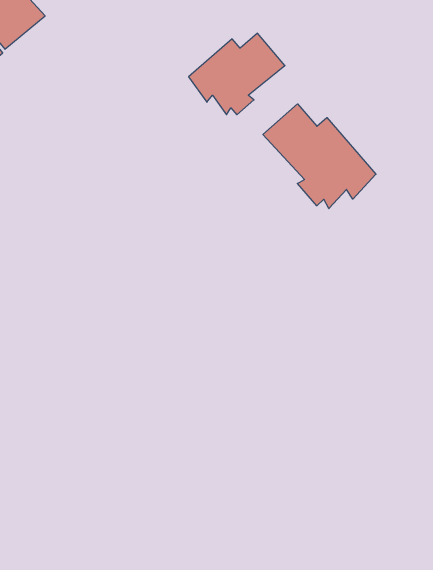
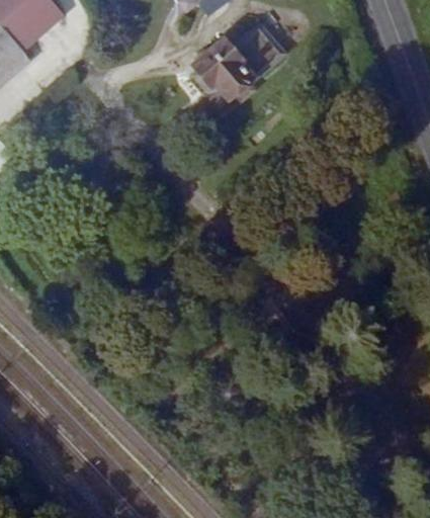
building: [263,104,376,209] -> none

